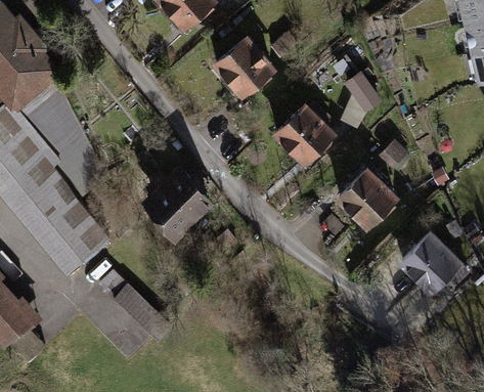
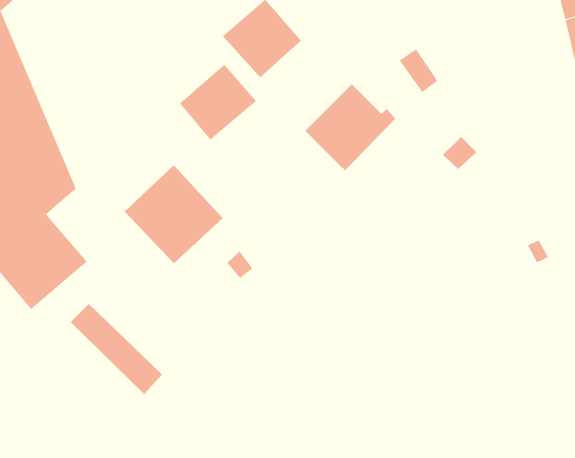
building: none -> [179,64,257,140]
building: [336,169,399,231] -> none
building: [396,233,458,292] -> none

